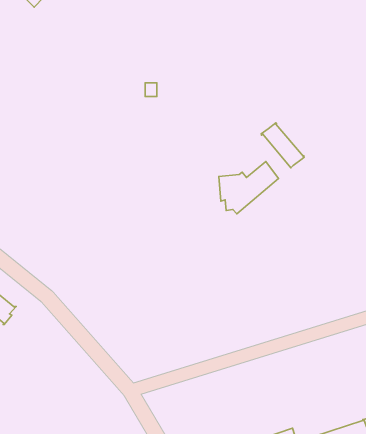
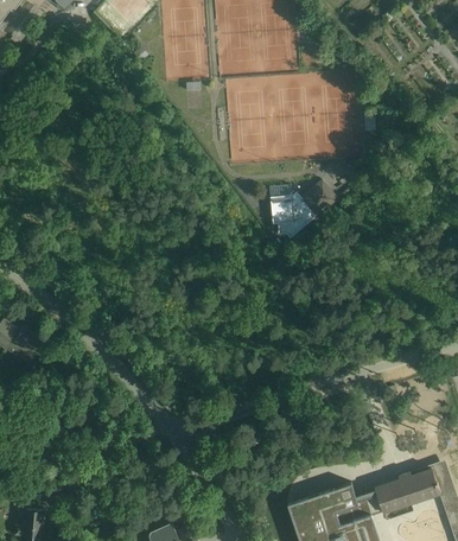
building: [261,123,304,168] -> none

